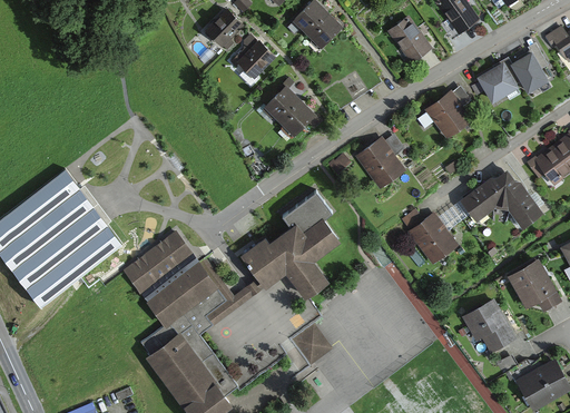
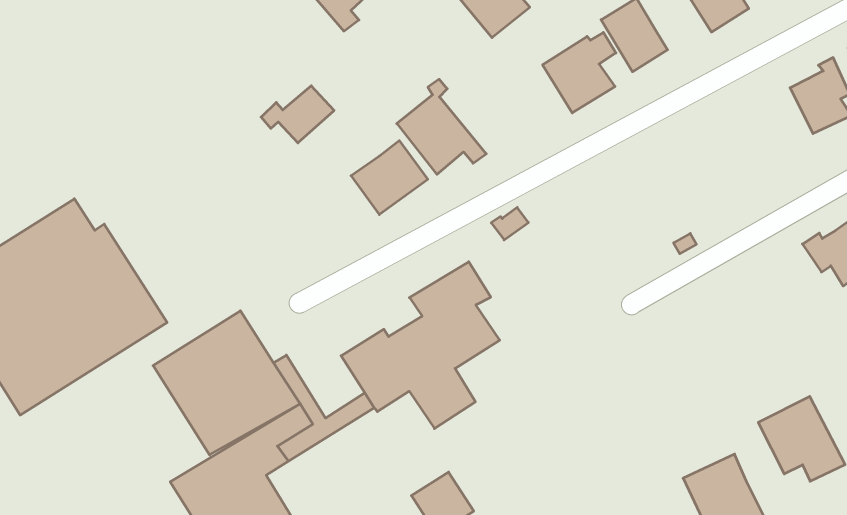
building: [229,41,275,78] -> [261,86,334,143]
building: [471,61,520,104] -> none
building: [423,86,470,138] -> [543,32,616,113]
building: none -> [351,141,428,215]
building: [354,136,405,189] -> none
building: [461,165,542,227] -> none
building: [403,214,456,264] -> none

